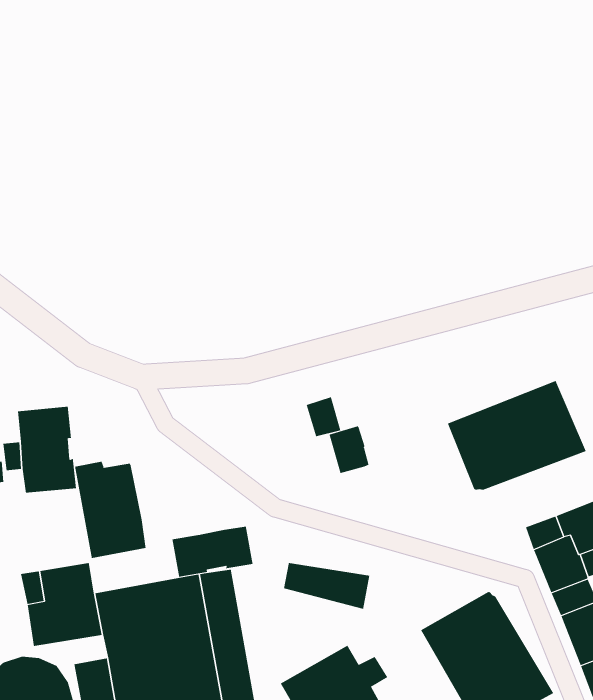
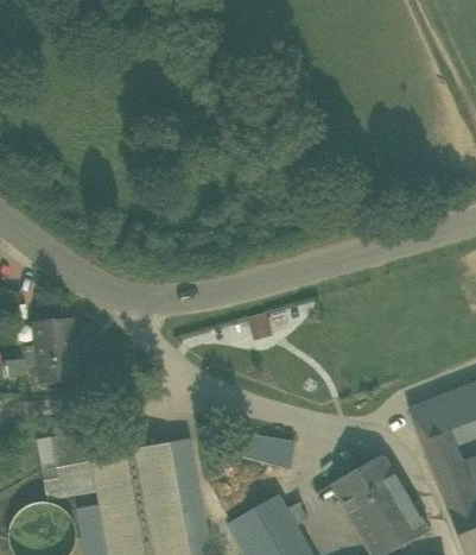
building: [447,380,586,491] -> none
building: [329,425,369,474] -> none
building: [74,461,146,559] -> none
building: [172,526,253,577] -> none

